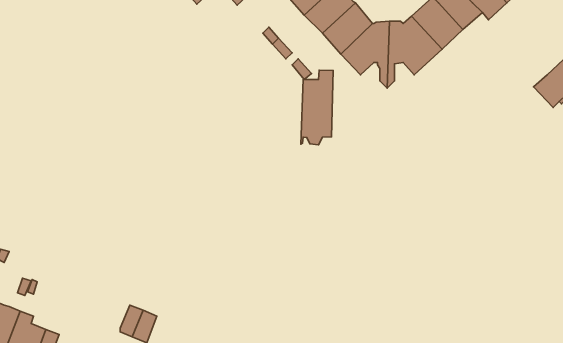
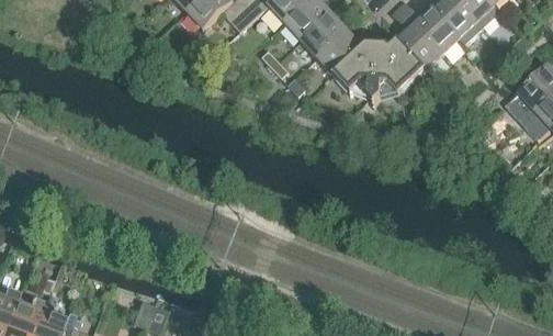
building: [301,70,333,145] -> none

